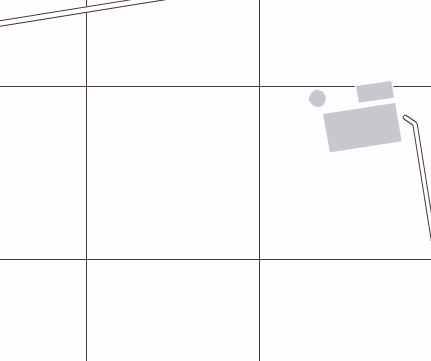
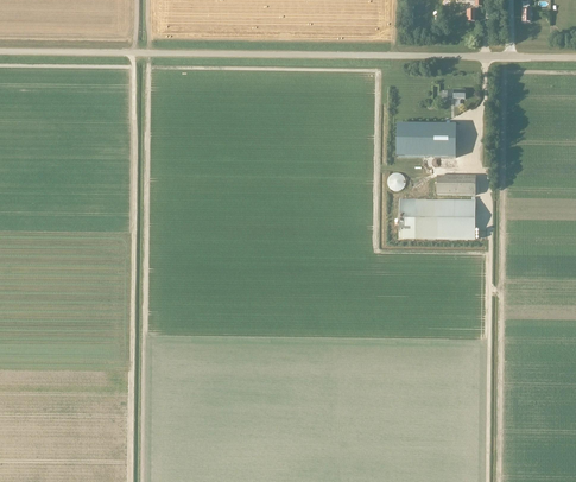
building: none -> [397,123,456,156]

